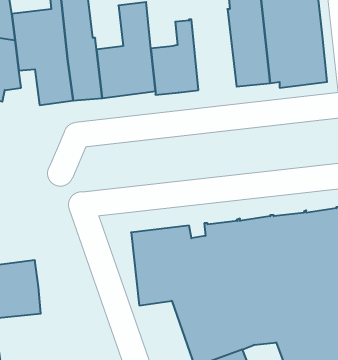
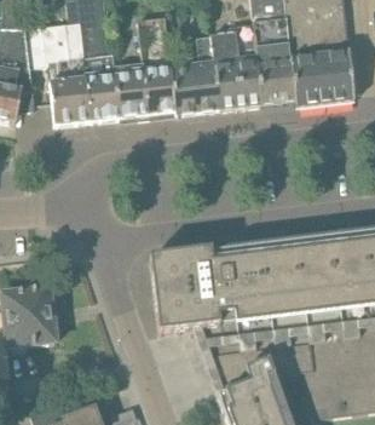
building: none -> [214,23,261,108]

